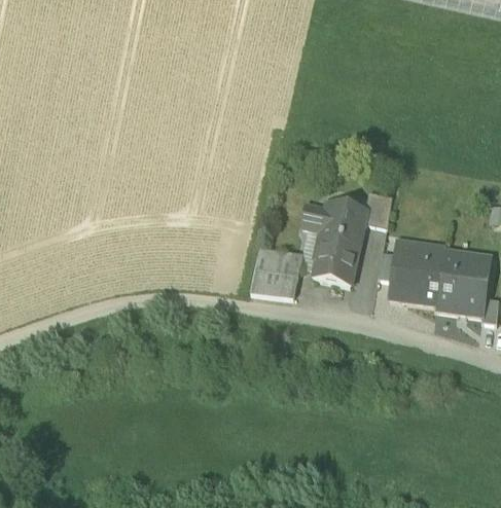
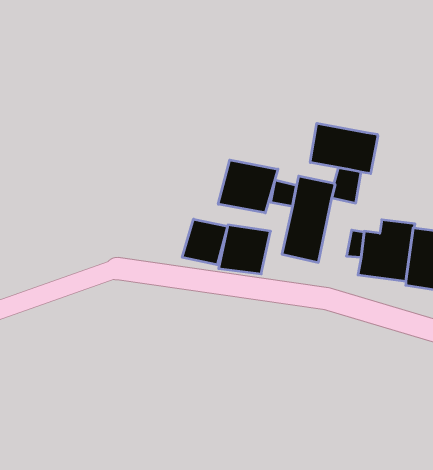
building: none -> [310,123,378,174]
building: none -> [218,160,278,213]
building: none -> [182,219,228,265]

